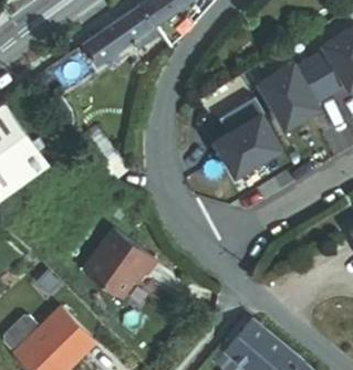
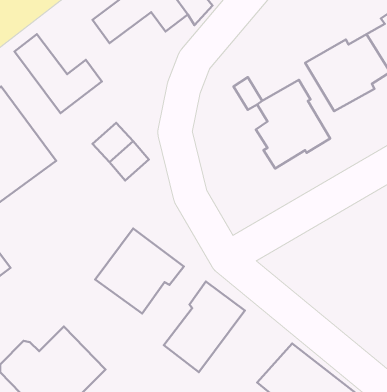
building: none -> [15,34,102,113]
building: none -> [164,282,245,372]

